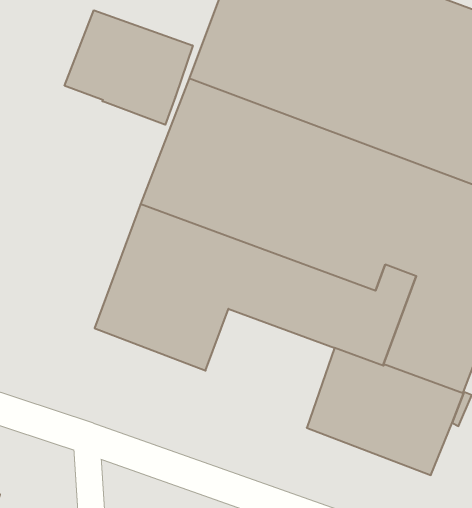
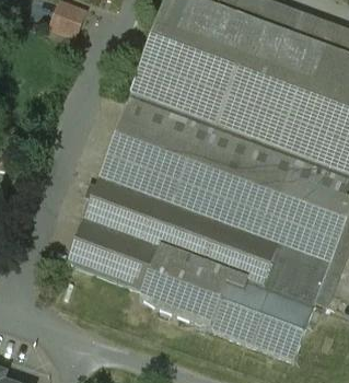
building: [65,10,193,125] -> none
building: none -> [139,246,229,326]

